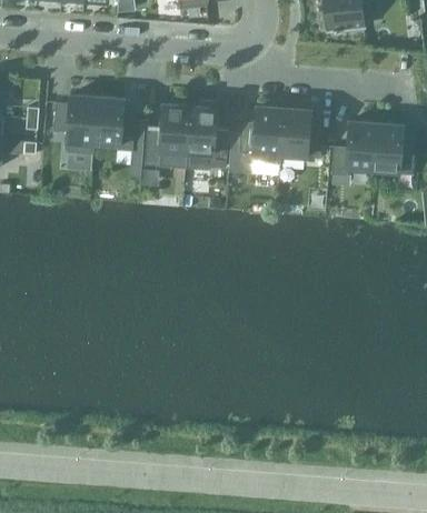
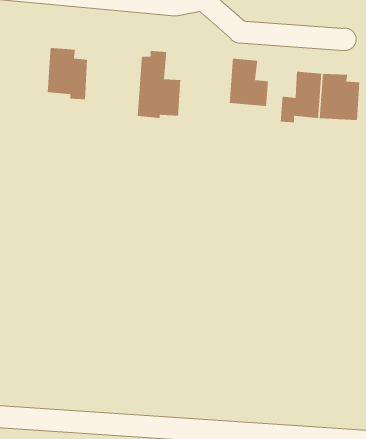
building: [52,94,95,154] -> none
building: [143,103,188,168] -> none
building: [228,105,281,165] -> none

